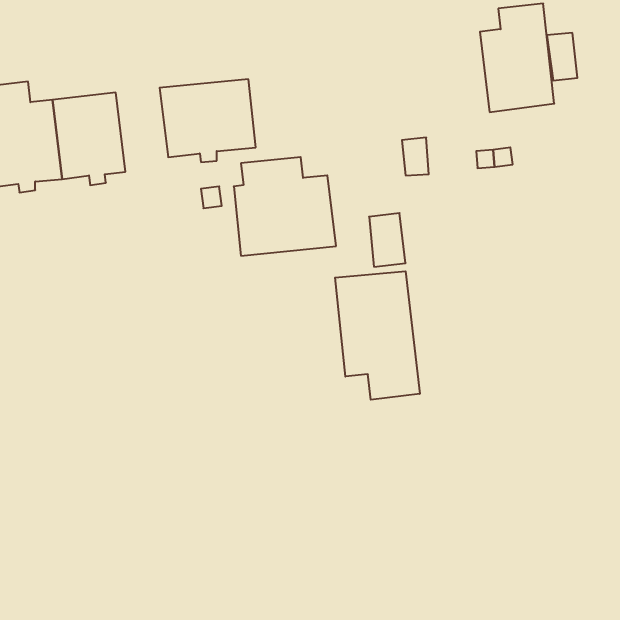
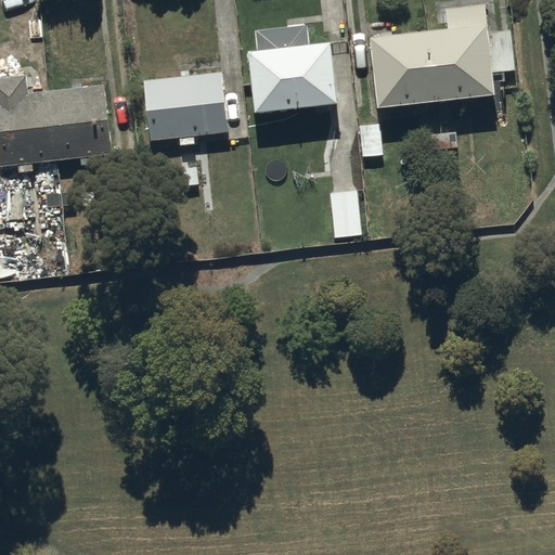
building: none -> [369,30,436,108]
building: [234,157,336,256] -> [246,25,337,113]
building: [335,271,420,400] -> none

